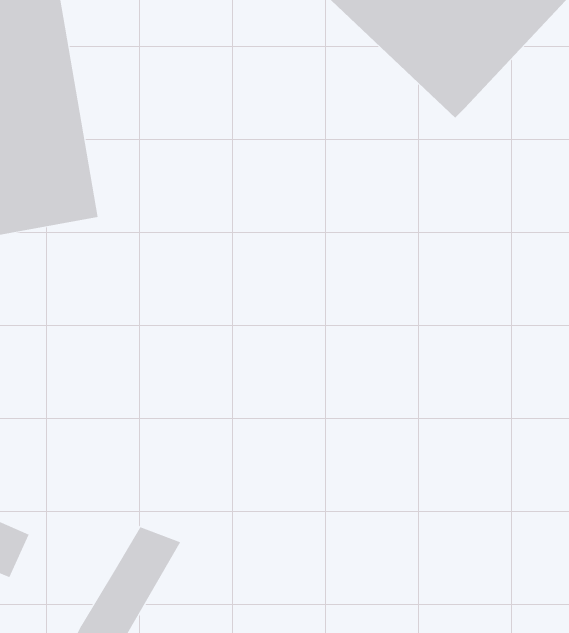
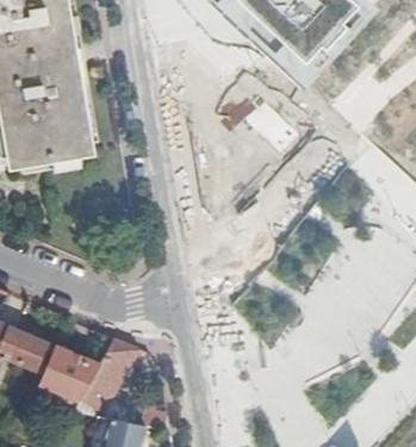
building: none -> [42,348,100,399]

